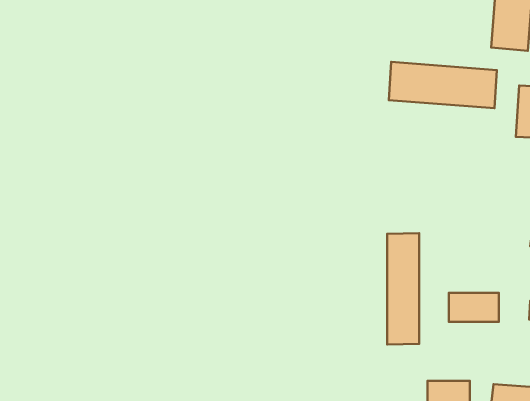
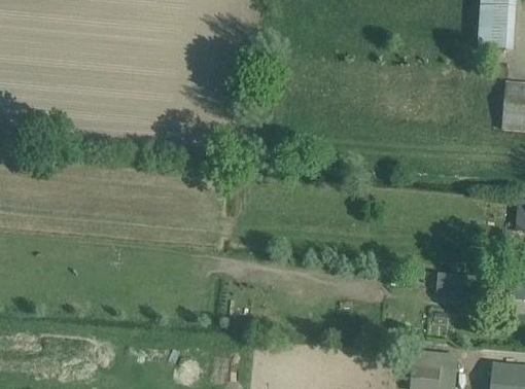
building: [389,62,497,108] -> none
building: [387,233,419,345] -> none

